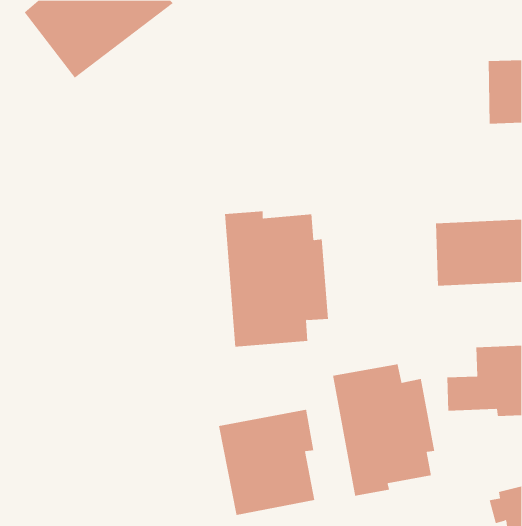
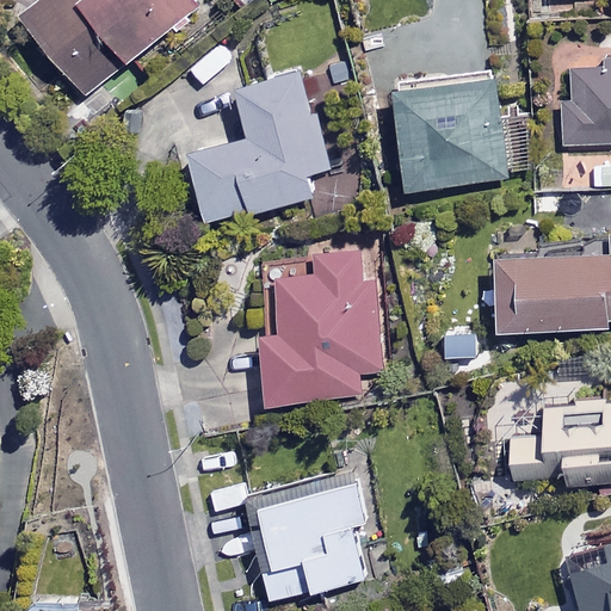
building: none -> [390,67,500,178]
building: none -> [196,73,328,224]
building: [332,364,435,497] -> none

